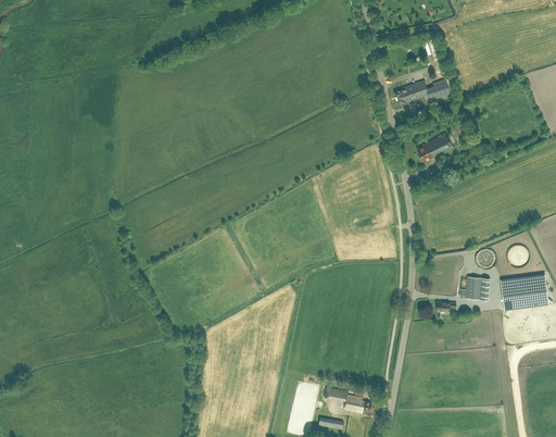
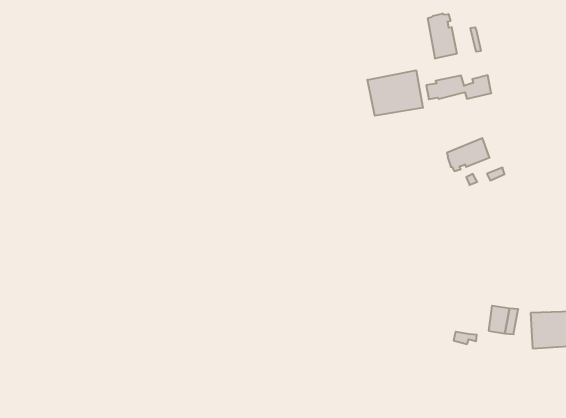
building: none -> [428,13,457,59]
building: none -> [367,70,423,116]

